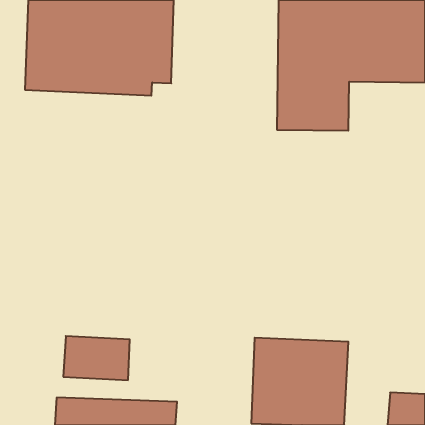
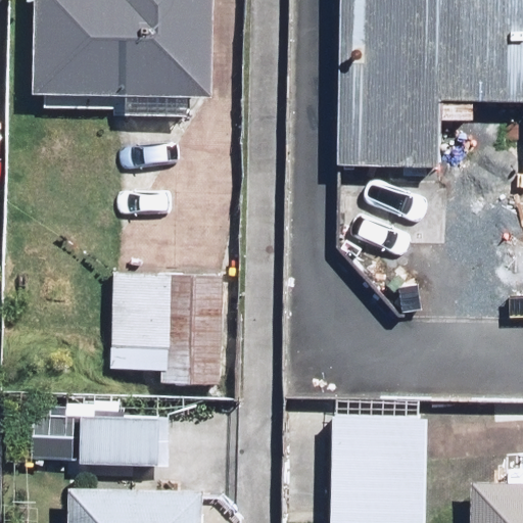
building: none -> [112,275,228,385]

